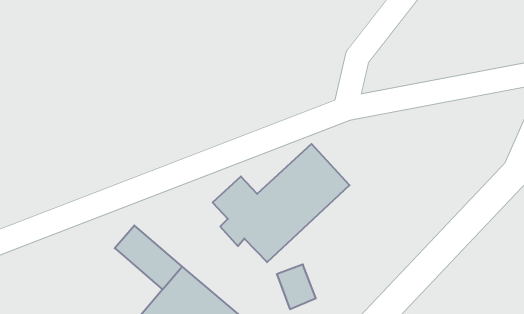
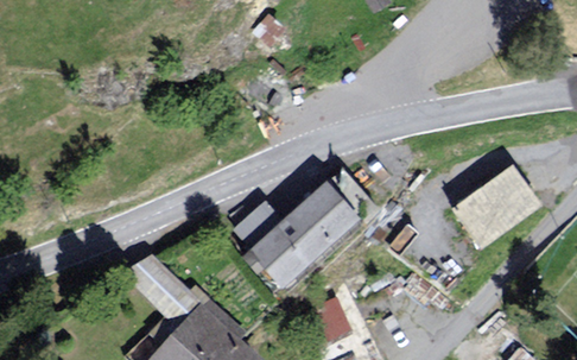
building: none -> [448,157,551,255]

